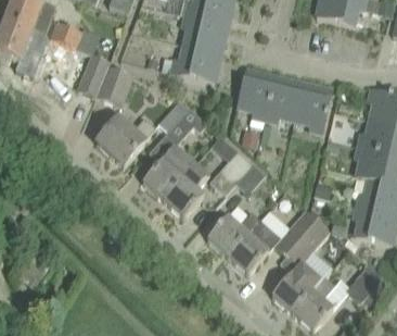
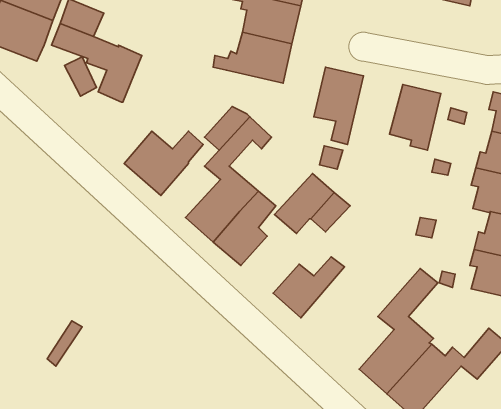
building: [95,61,133,105] -> none
building: [265,76,304,122] -> none
building: [228,209,317,274] -> none

